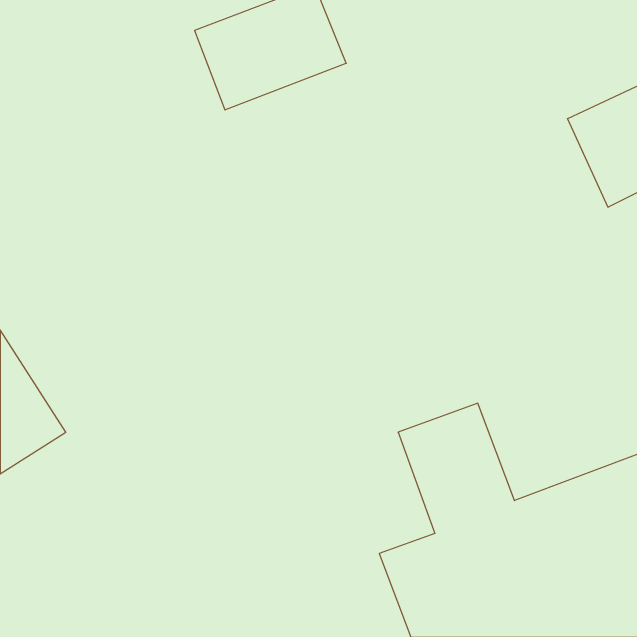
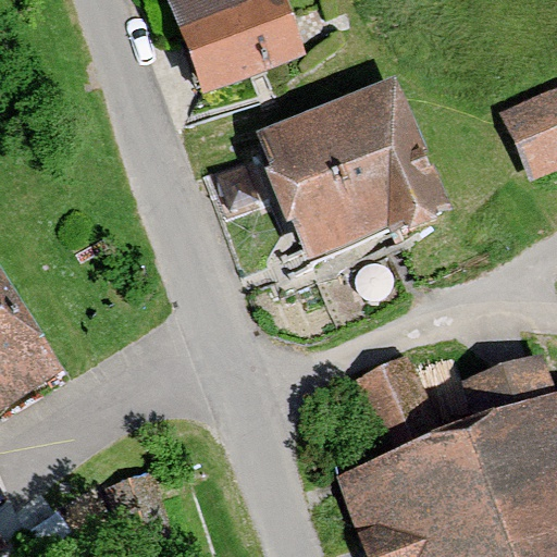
building: none -> [251,75,451,268]

